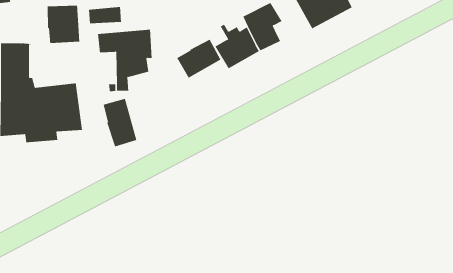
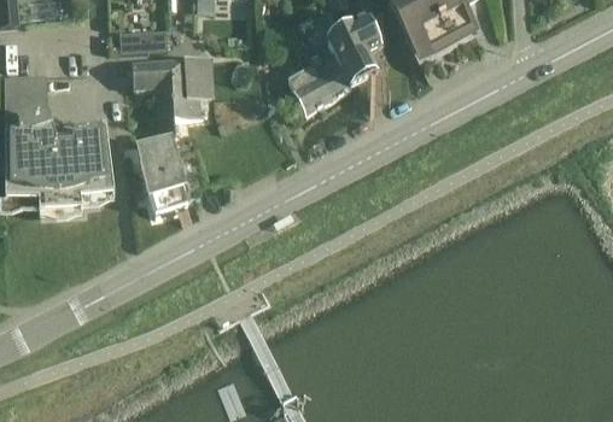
building: [47,5,80,44] -> none
building: [177,39,221,79] -> none

